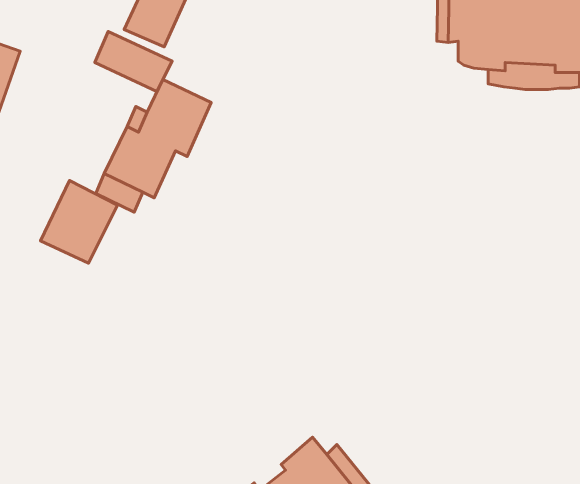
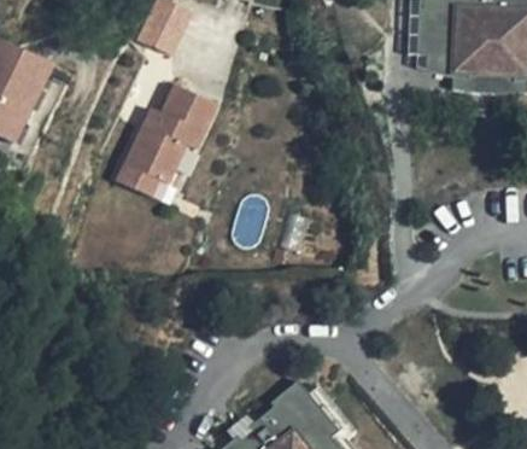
building: [95,32,172,91] -> none
building: [40,181,118,263] -> none

